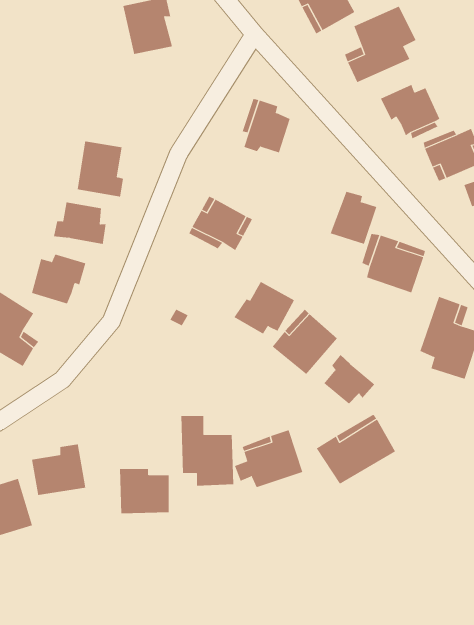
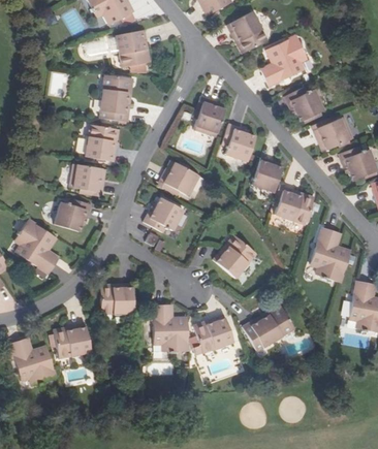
building: none -> [99,74,129,122]
building: none -> [221,123,255,160]
building: [234,281,295,335] -> [143,197,183,232]
building: [324,354,375,405] -> none
building: [119,468,169,514] -> [100,284,133,314]

